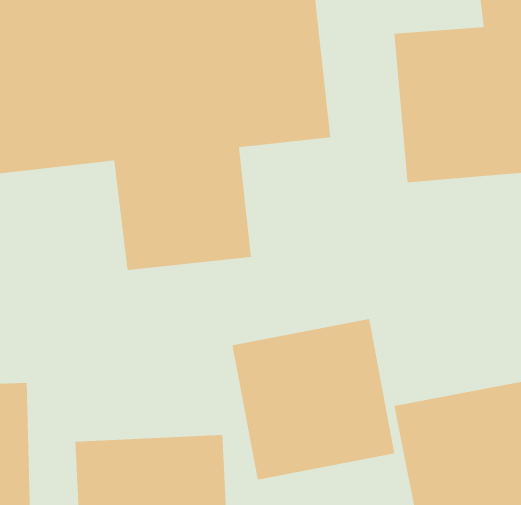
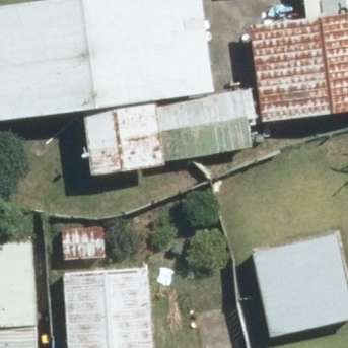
building: [232,318,395,481] -> none

